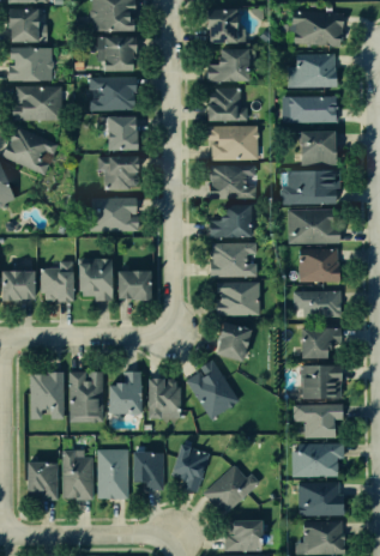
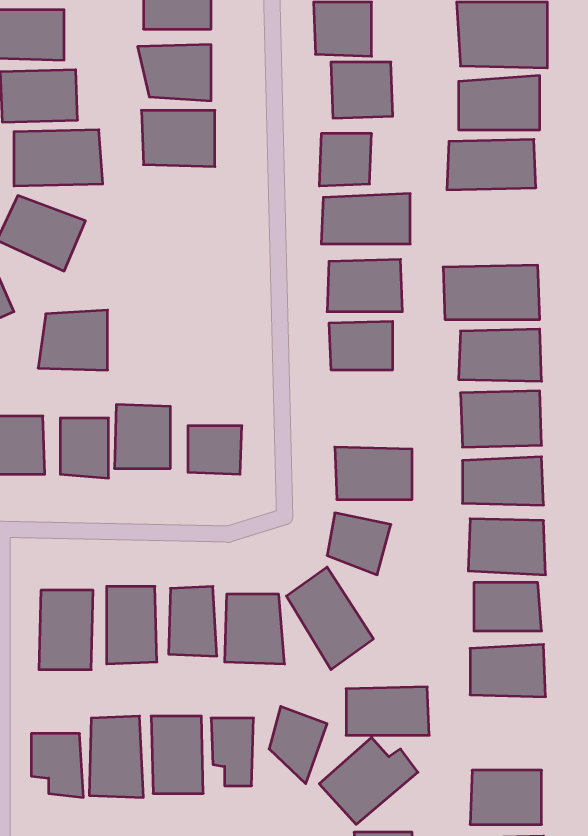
building: [103,115,139,147] -> none
building: [281,133,336,165] -> none
building: [99,155,139,188] -> none
building: [94,195,137,232] -> [38,310,108,370]
building: [209,244,258,278] -> none
building: [291,446,343,476] -> [346,687,429,735]

